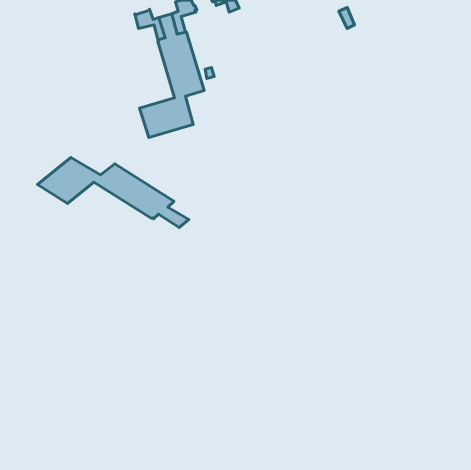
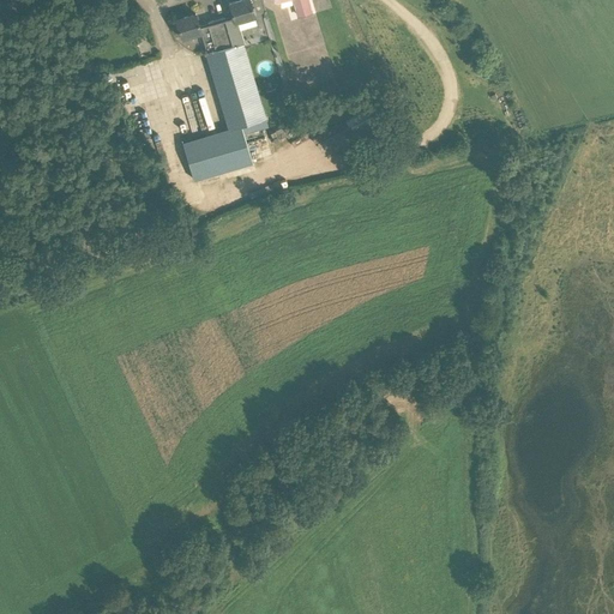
building: [38,158,189,227] -> none

